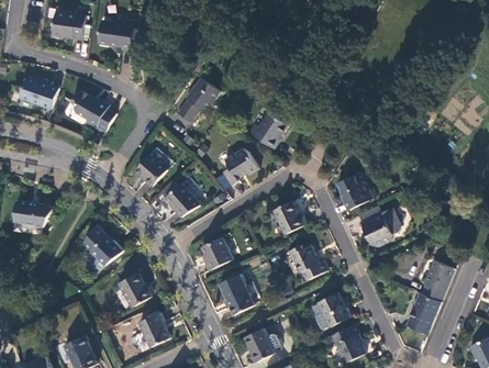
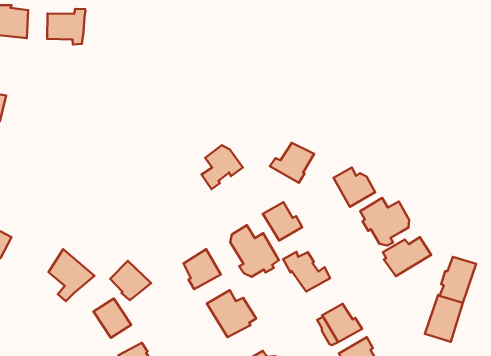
building: [177,78,219,121] -> none
building: [73,90,116,132] -> none
building: [248,113,288,148] -> [270,143,314,183]
building: [135,154,166,185] -> none
building: [165,182,200,216] -> [110,261,151,300]
building: none -> [230,225,279,277]
building: none -> [383,237,431,276]

